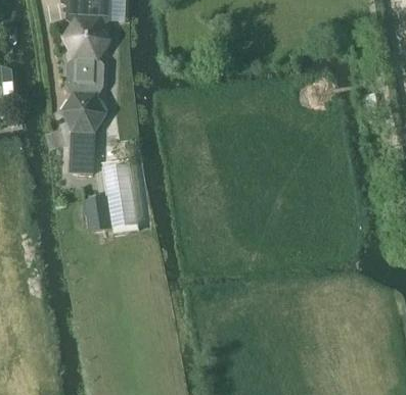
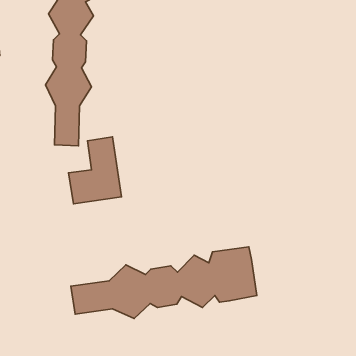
building: none -> [71,247,257,318]

